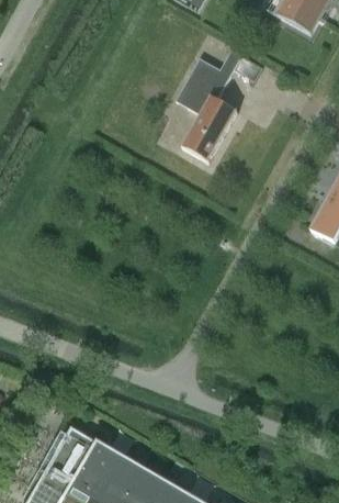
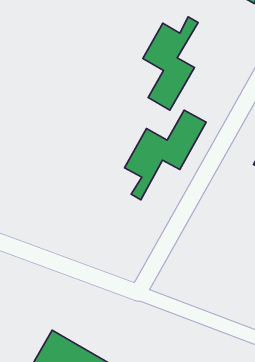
building: none -> [124,110,206,200]

